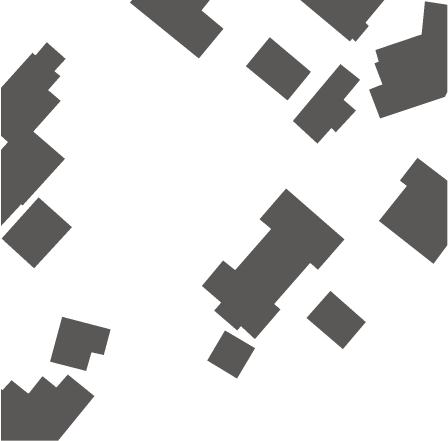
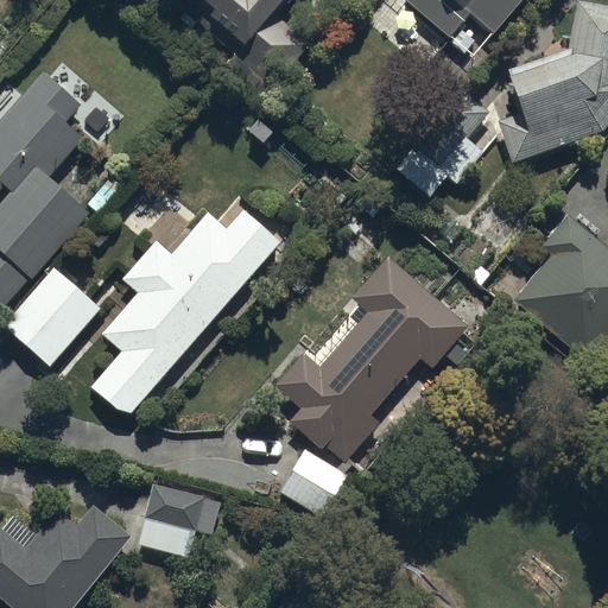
building: [245,36,312,101] -> none
building: none -> [90,209,278,418]
building: [306,290,367,350] -> none
building: [49,316,111,371] -> [137,481,221,556]

